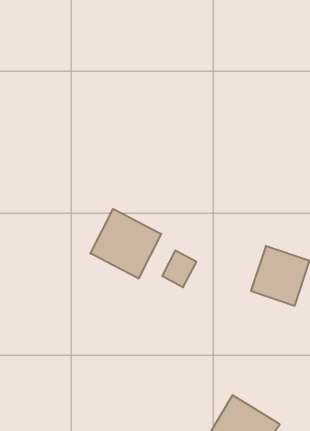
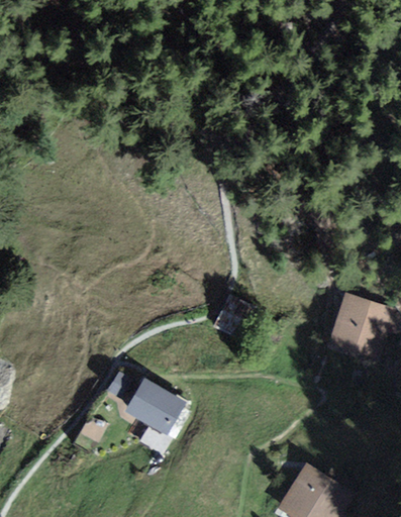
building: [90,209,161,279] -> none
building: none -> [118,379,183,435]

